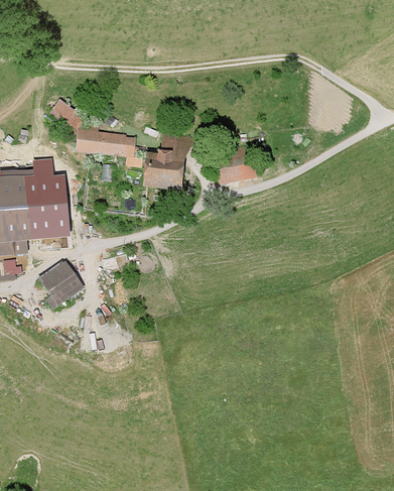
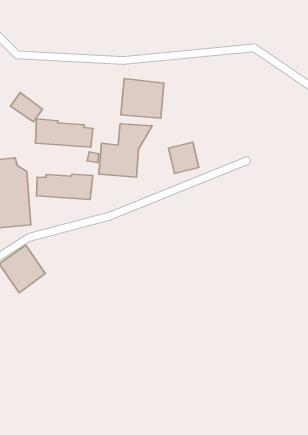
building: none -> [121,78,164,118]
building: none -> [37,174,93,200]

